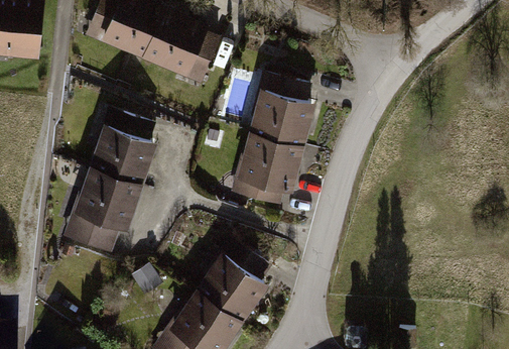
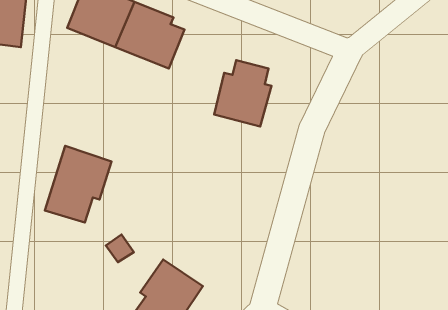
building: [88,108,153,183] -> none
building: [239,131,300,203] -> none
building: [195,241,268,319] -> none

